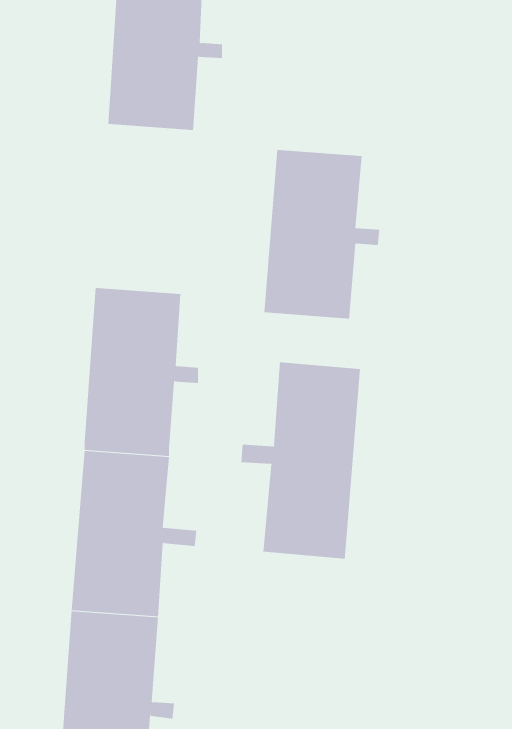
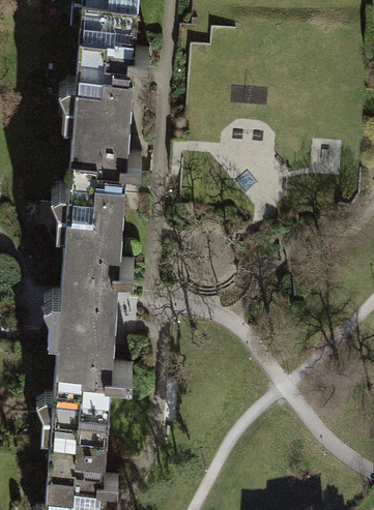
building: [264,149,380,319] -> [66,97,142,207]
building: [241,362,361,560] -> none

